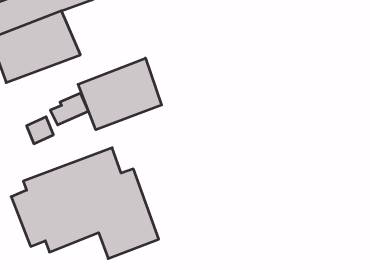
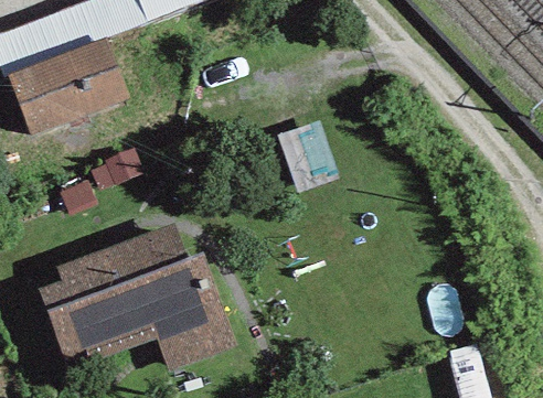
building: [78,58,162,130] -> none

